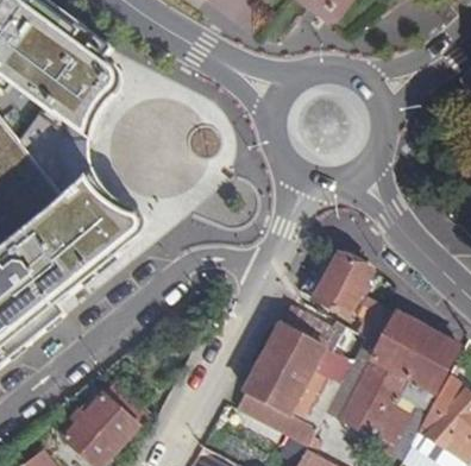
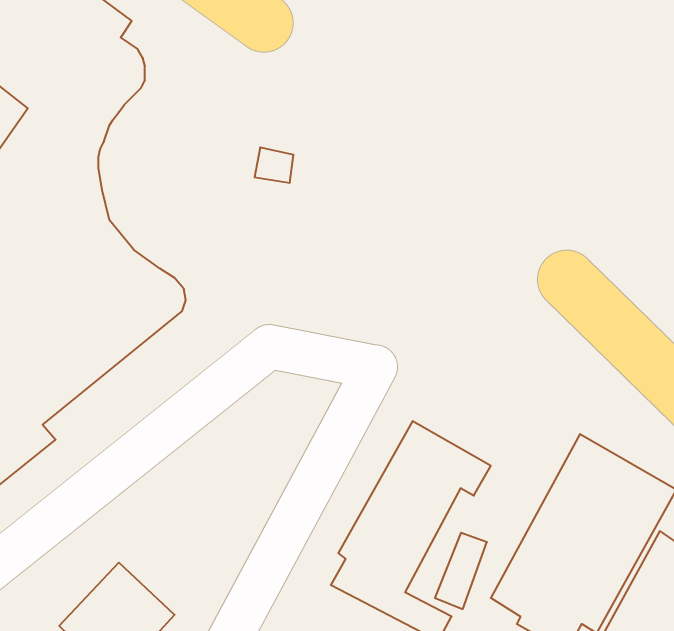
building: [312,253,382,329] -> none

